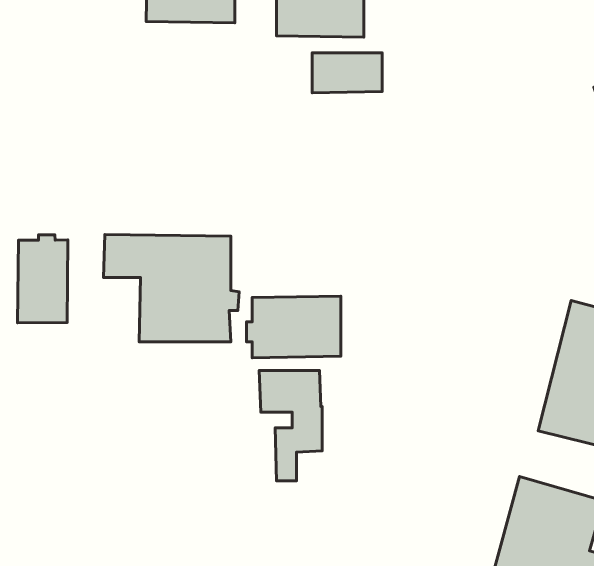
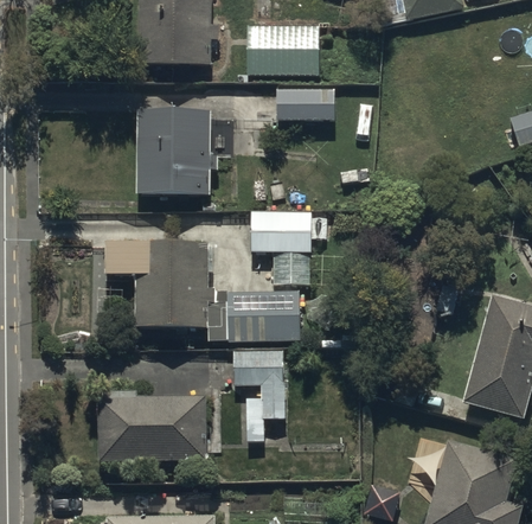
building: none -> [136,108,217,196]
building: none -> [250,211,313,285]
building: [18,235,68,323] -> none
building: none -> [98,391,206,464]

